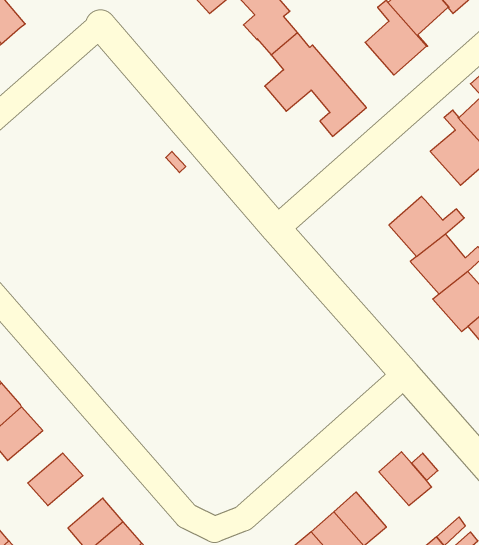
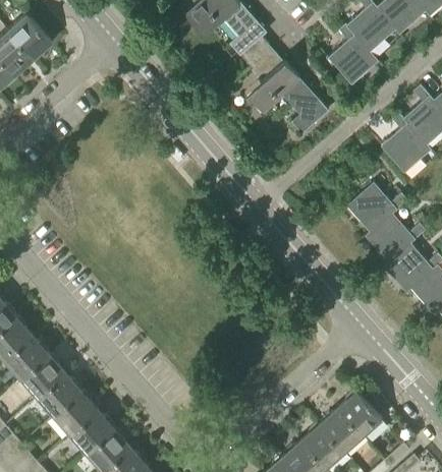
building: none -> [38,373,82,416]
building: none -> [321,407,364,452]
building: none -> [70,410,115,453]

